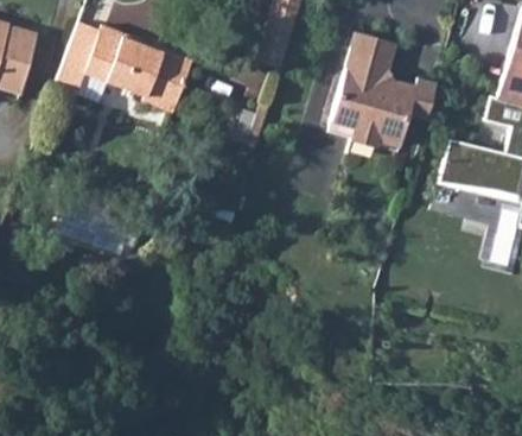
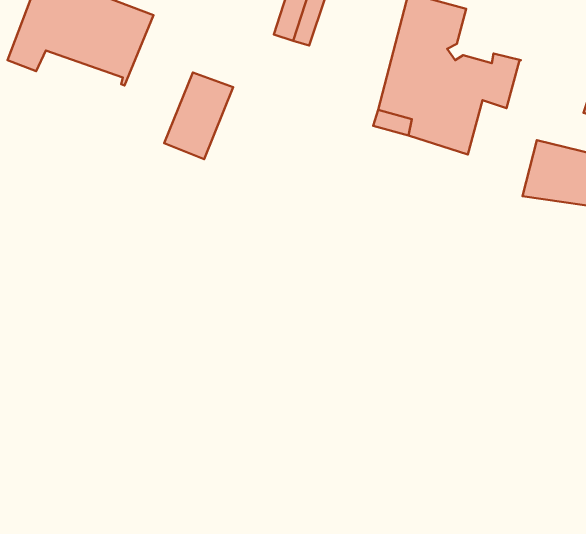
building: [145,50,196,114] -> [164,73,233,159]

